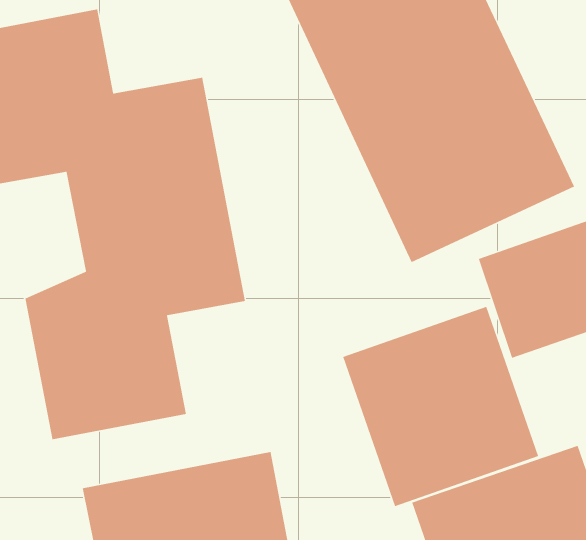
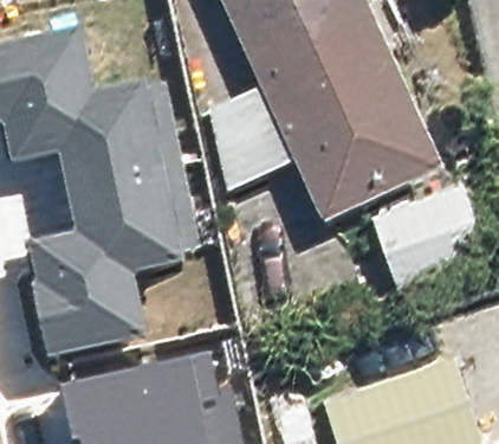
building: [342,306,539,507] -> none

